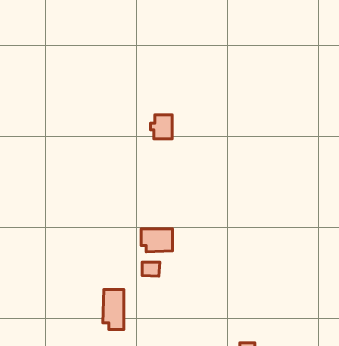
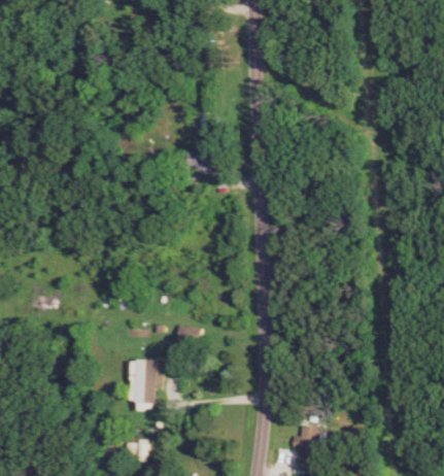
building: [141,229,173,252] -> none

